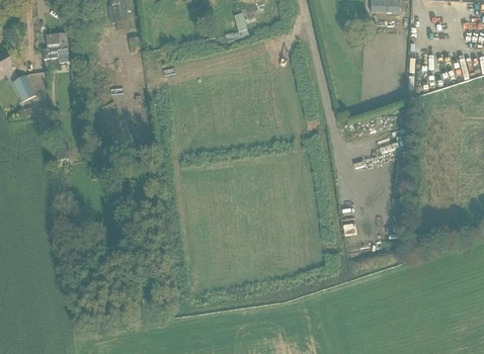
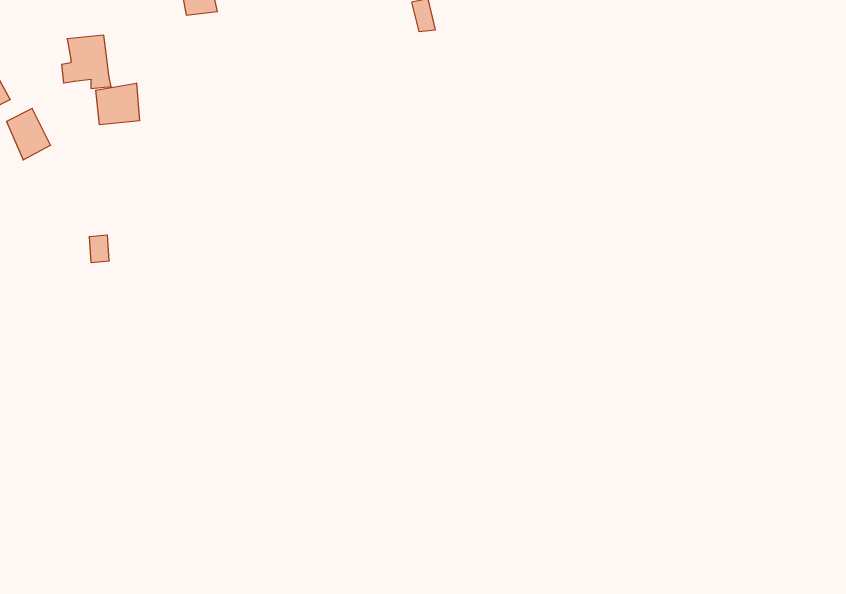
building: none -> [96,83,139,125]

